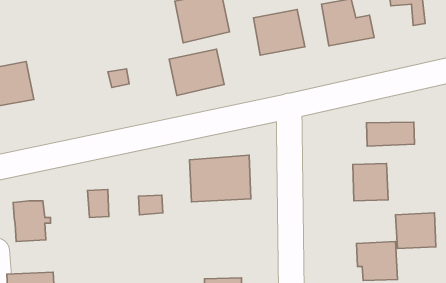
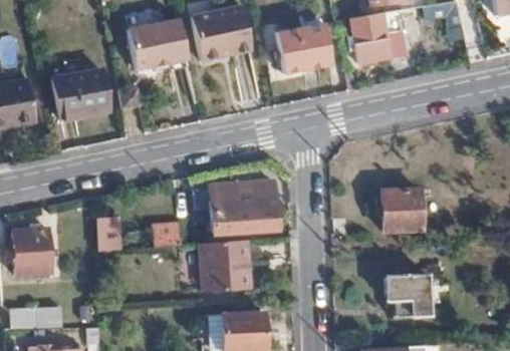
building: [169,49,224,95] -> [128,19,187,69]
building: none -> [55,69,107,118]
building: [367,122,414,146] -> none
building: none -> [200,241,249,291]
building: [395,213,436,248] -> none

